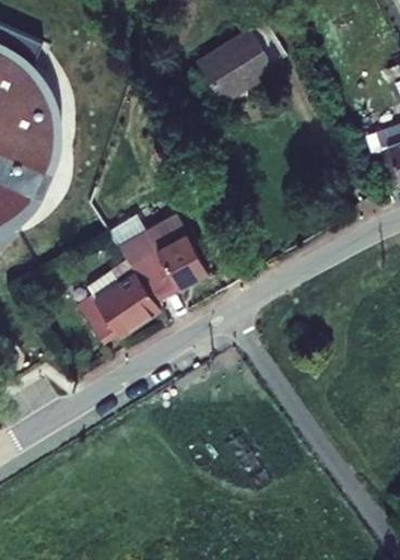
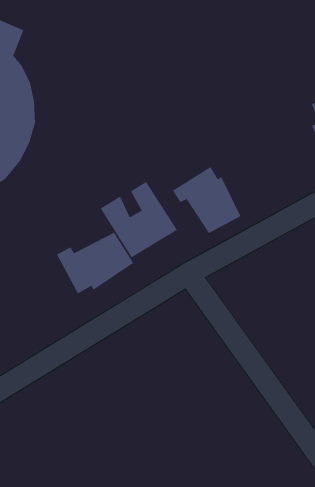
building: [184,23,278,106] -> none
building: none -> [172,166,241,234]

